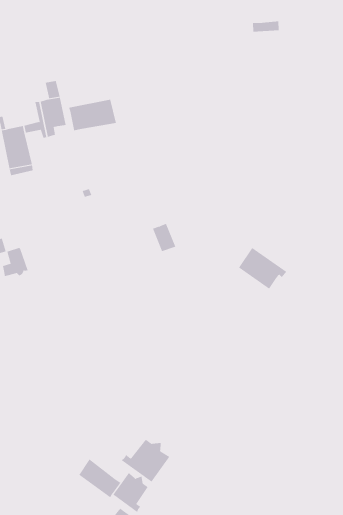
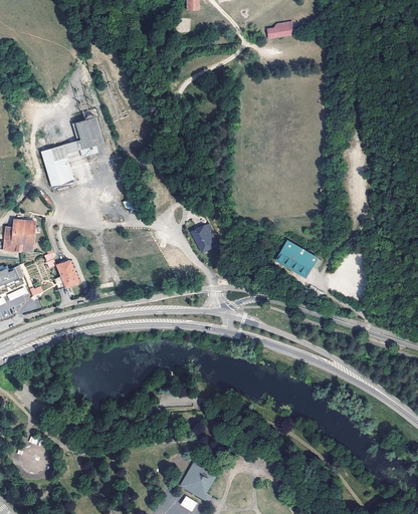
building: [68,99,116,131] -> none
building: [121,439,170,482] -> none
building: [78,459,121,498] -> none

